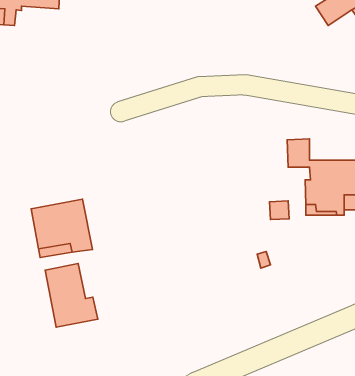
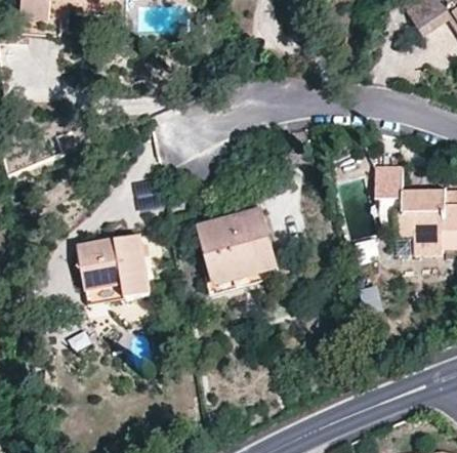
building: none -> [197,207,277,285]
building: [45,264,98,327] -> none

